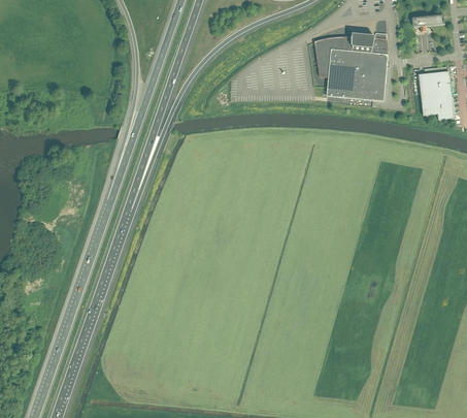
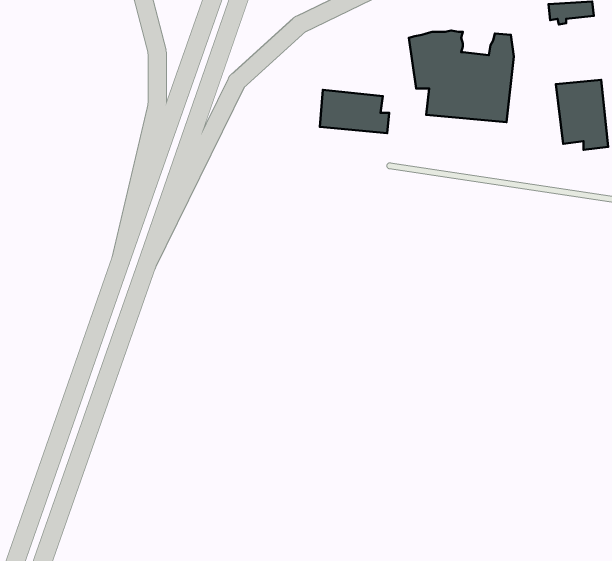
building: none -> [320,90,389,133]

